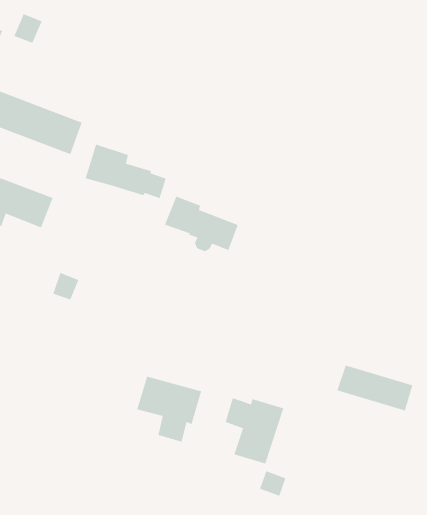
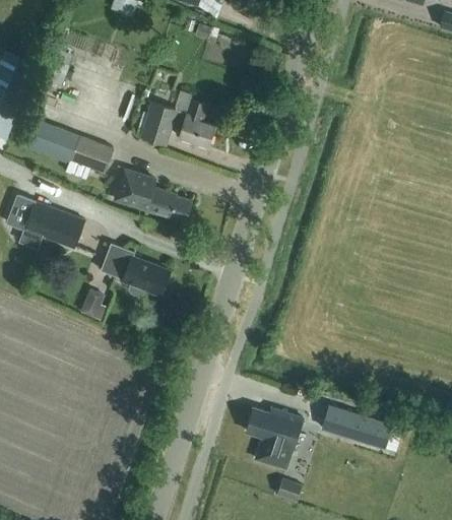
building: none -> [140,99,214,146]
building: [164,196,238,252] -> [100,243,170,296]
building: [337,365,413,411] -> [321,403,393,447]
building: [137,376,202,443] -> none

